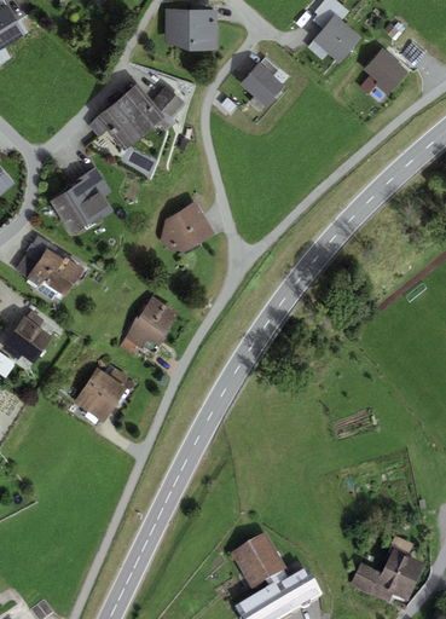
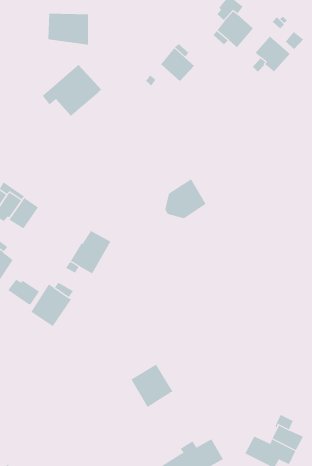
building: [163,8,216,50] -> [48,13,89,45]
building: [151,86,184,131] -> none
building: [50,166,112,235] -> none
building: [160,201,214,253] -> [164,179,207,219]
building: none -> [7,279,40,305]
building: [230,531,285,588] -> [130,364,174,408]

